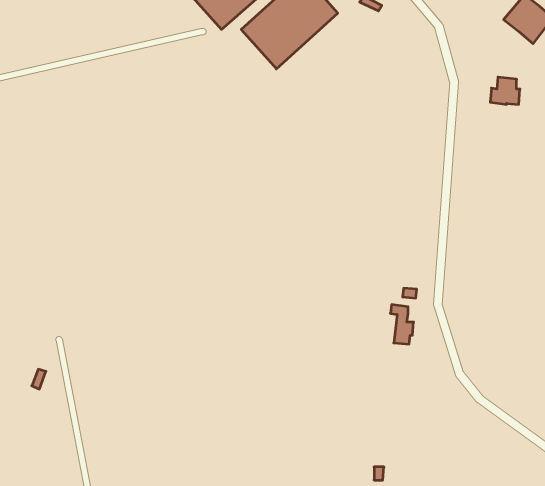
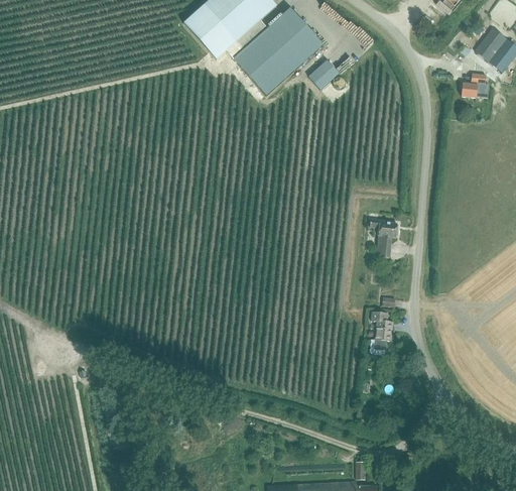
building: none -> [308,59,339,89]
building: [490,77,520,104] -> [461,72,488,97]
building: none -> [370,217,398,257]

